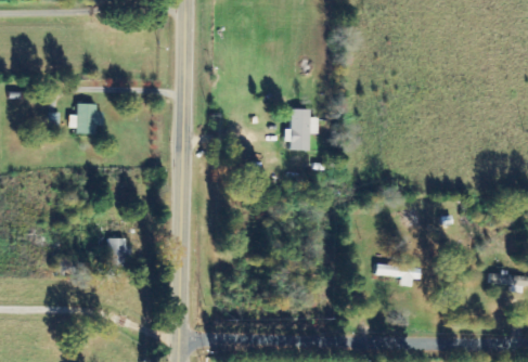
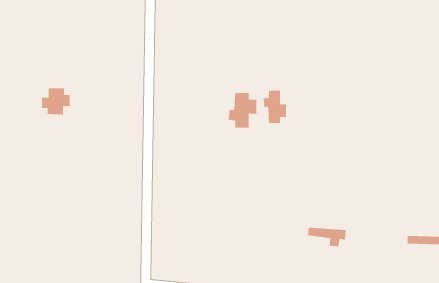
building: none -> [263,90,286,124]
building: [107,237,126,266] -> none

